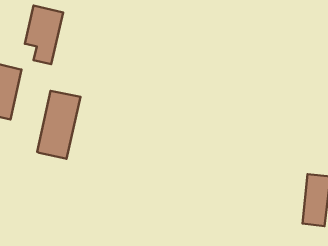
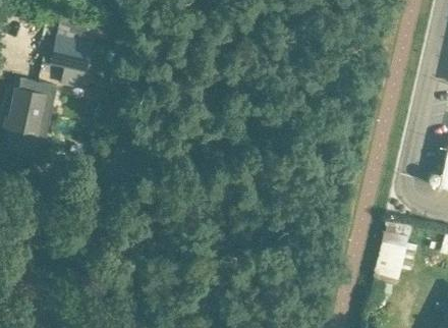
building: [37,91,80,159] -> none

